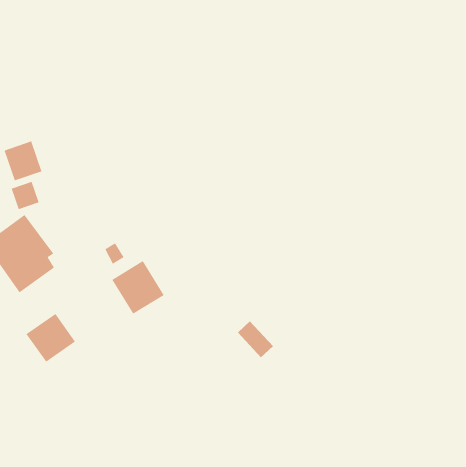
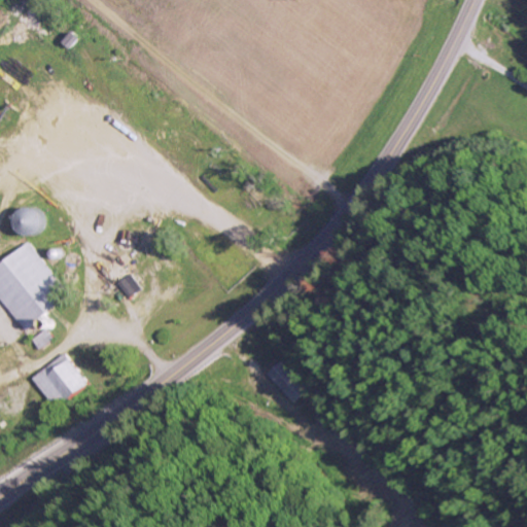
building: [4,140,42,181] -> none
building: [111,260,165,315] -> none

